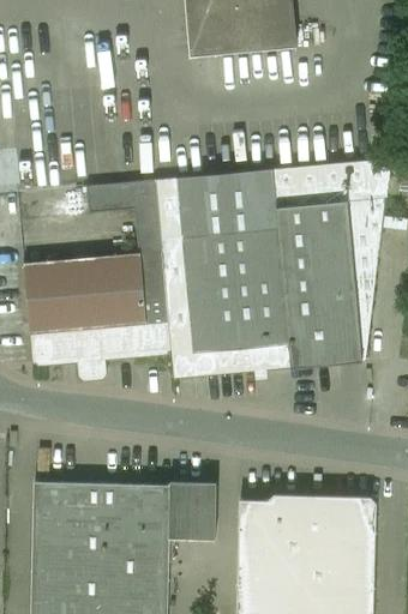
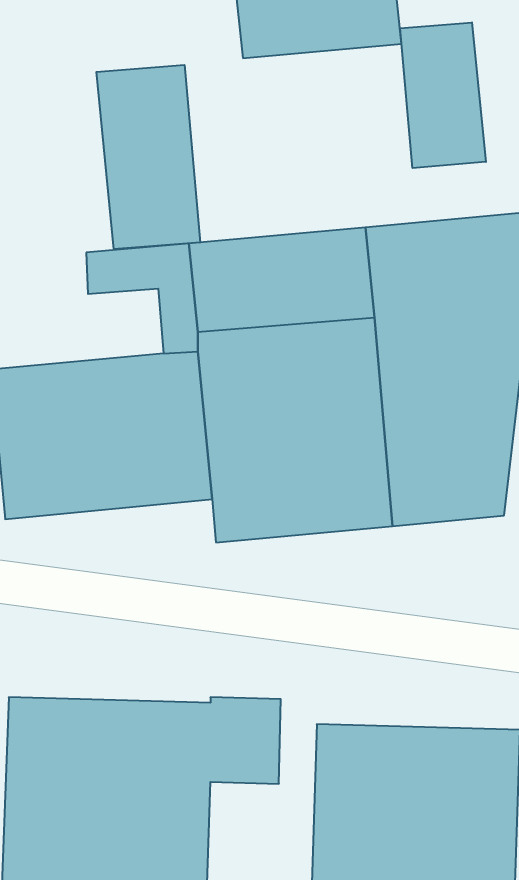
building: none -> [400,22,486,168]
building: none -> [96,65,200,249]

